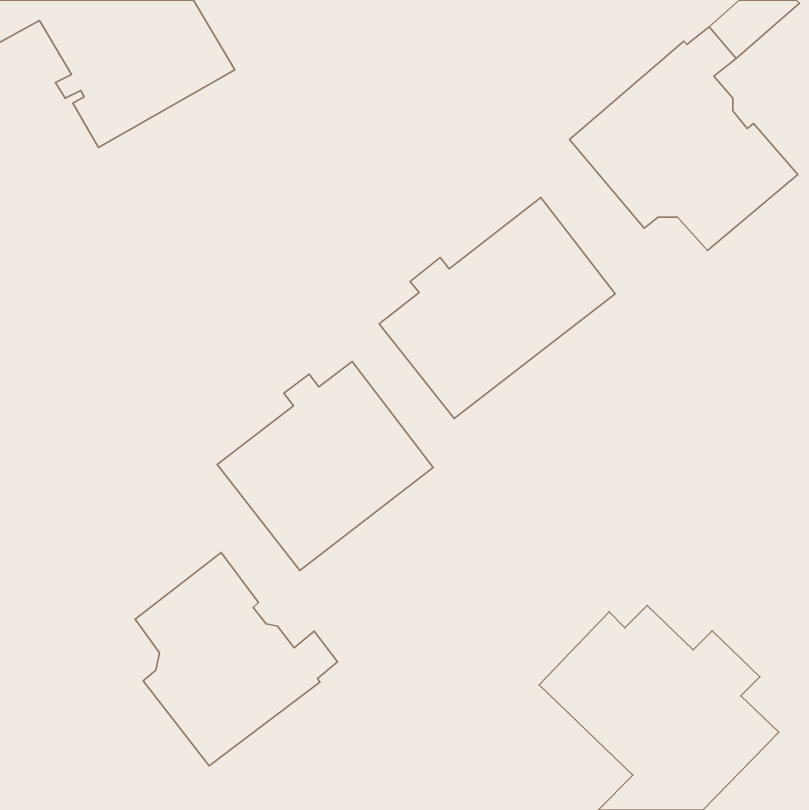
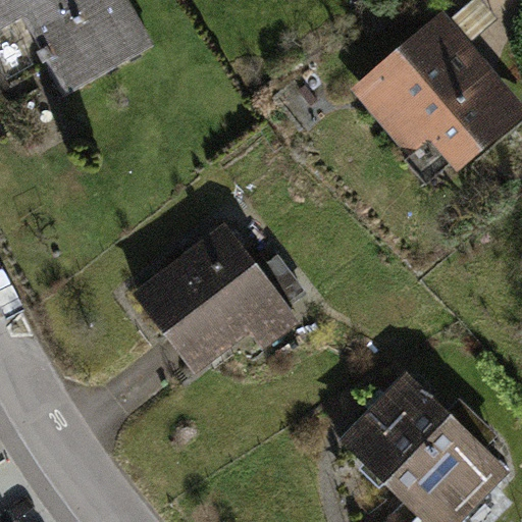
building: [379,198,615,418] -> none
building: [135,552,338,766] -> none

